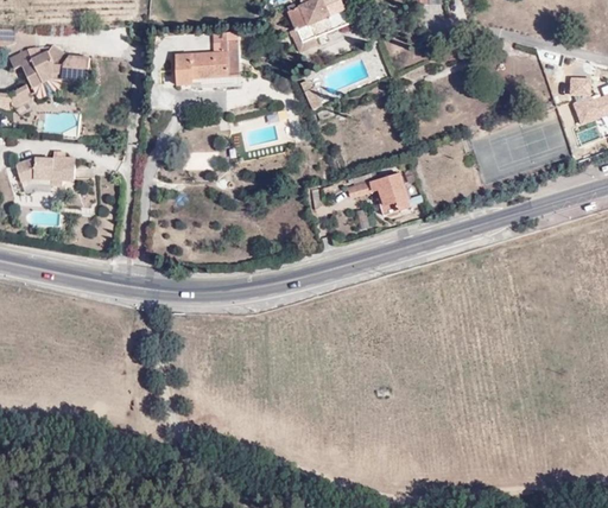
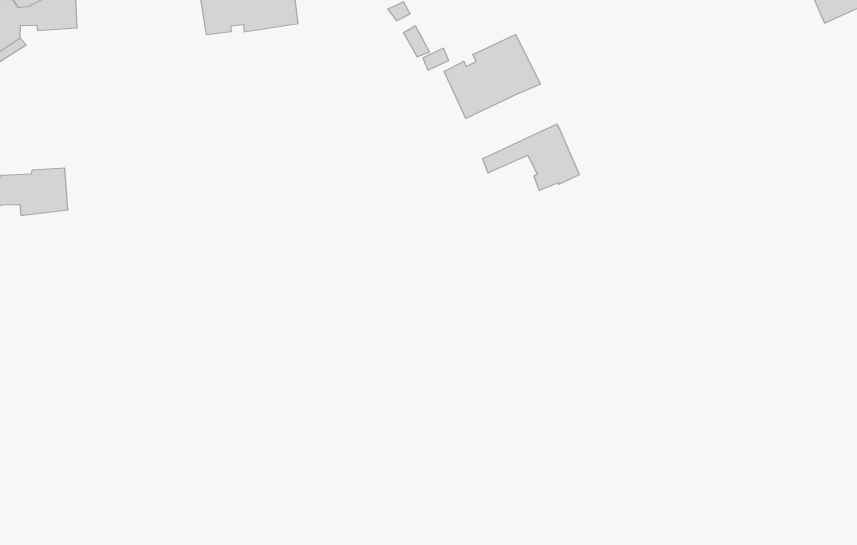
building: none -> [444,34,540,118]

